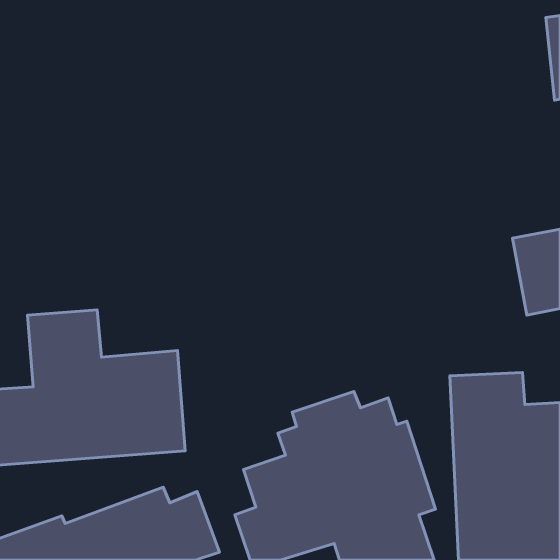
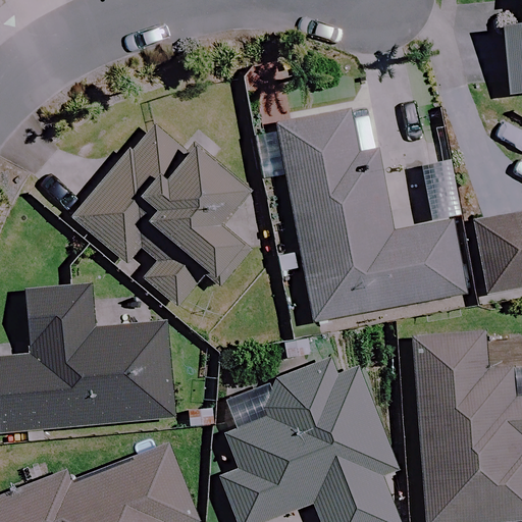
building: none -> [279,110,465,320]
building: none -> [75,132,261,308]

